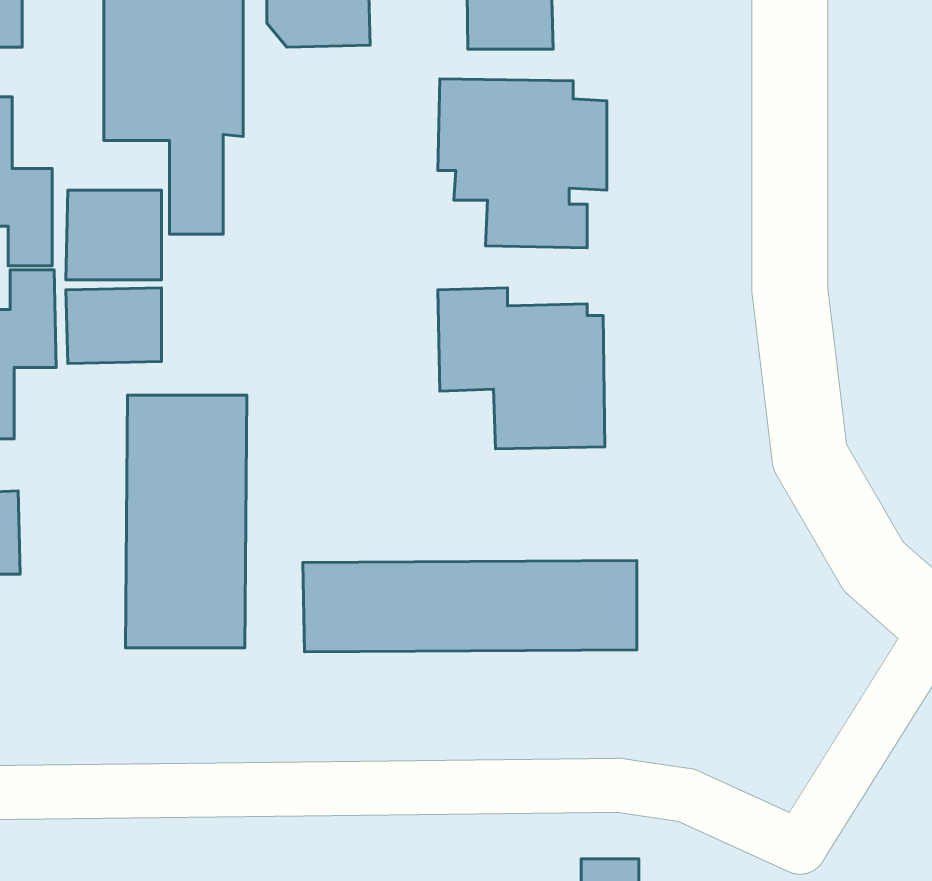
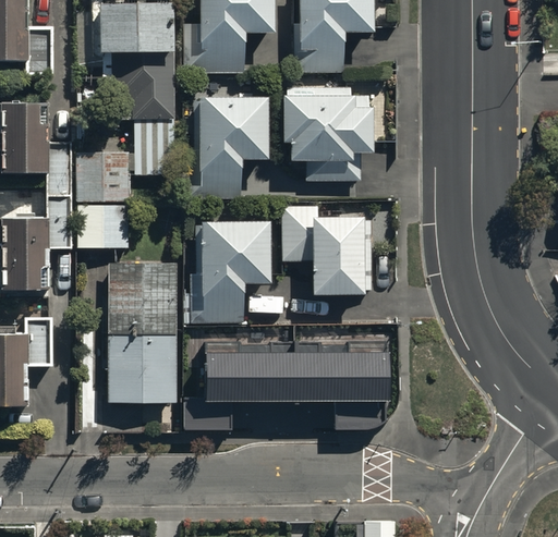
building: none -> [194,96,271,198]
building: none -> [190,218,271,322]

